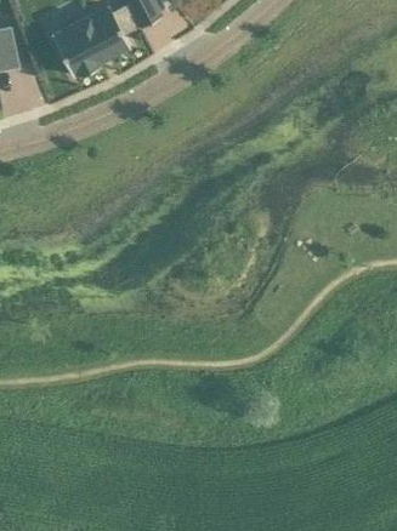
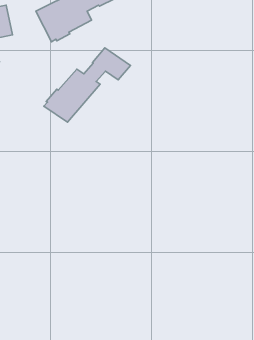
building: none -> [44,48,131,122]

